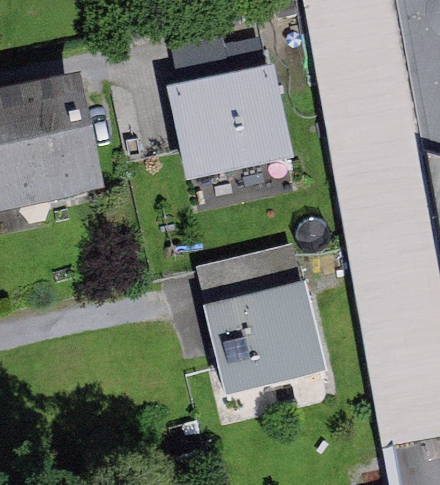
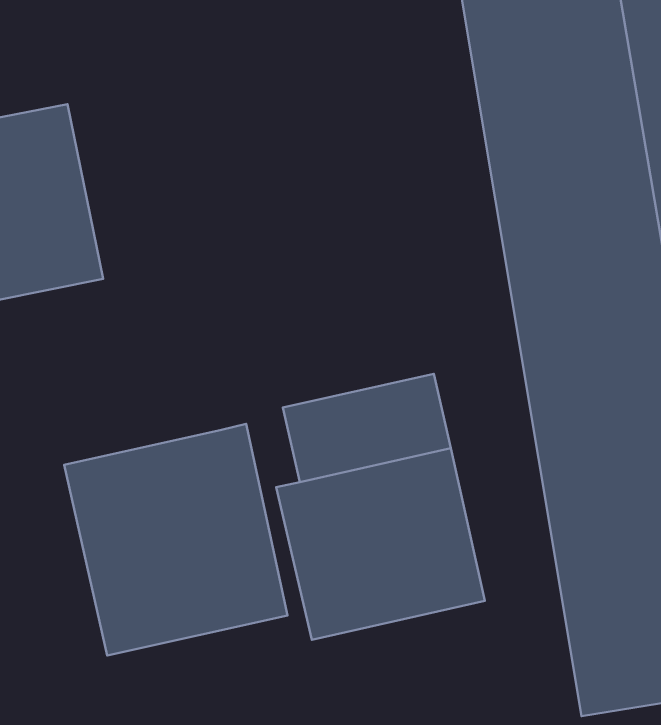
building: [170,69,285,180] -> none
building: none -> [64,424,288,655]

